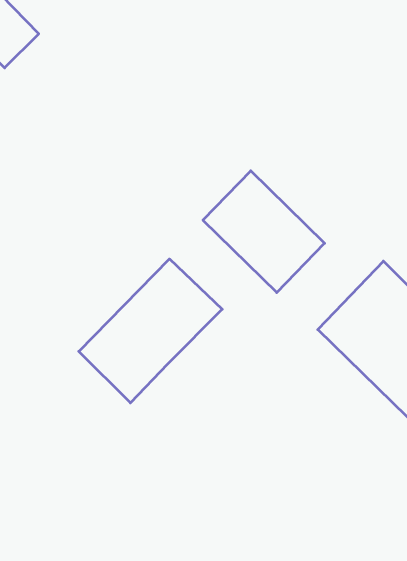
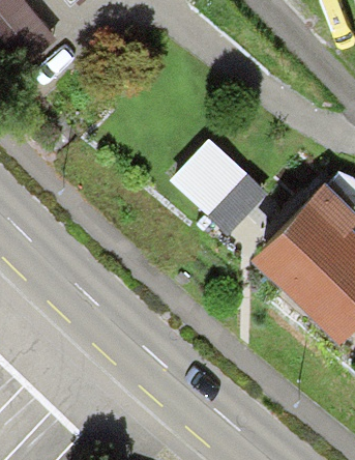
building: [79,259,222,403] -> none

